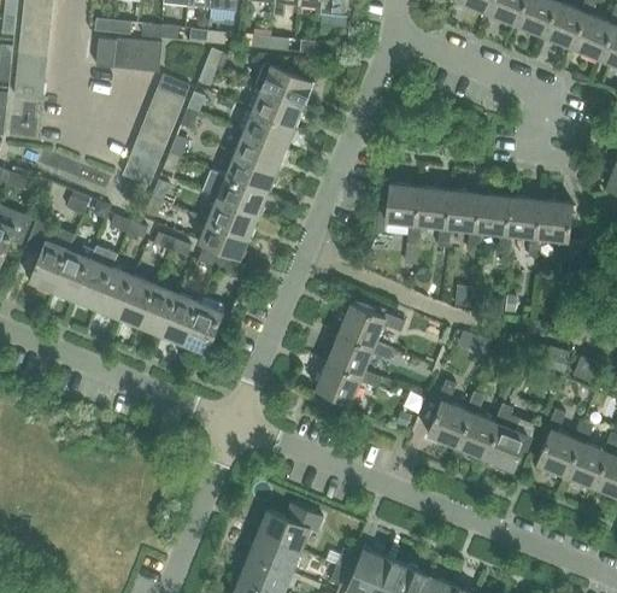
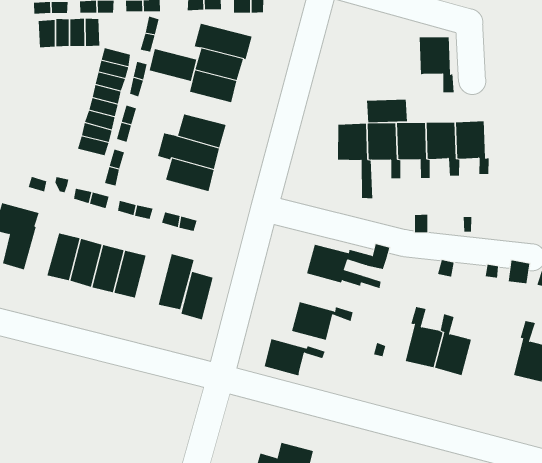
building: [234,131,284,170] -> [149,49,197,81]
building: none -> [366,99,408,123]
building: [536,200,571,262] -> [419,37,454,93]
building: [198,218,249,259] -> none
building: [51,245,93,300] -> none
building: [160,293,199,345] -> [180,271,213,320]
building: [327,333,392,375] -> [264,339,326,376]
building: [483,404,533,472] -> none

